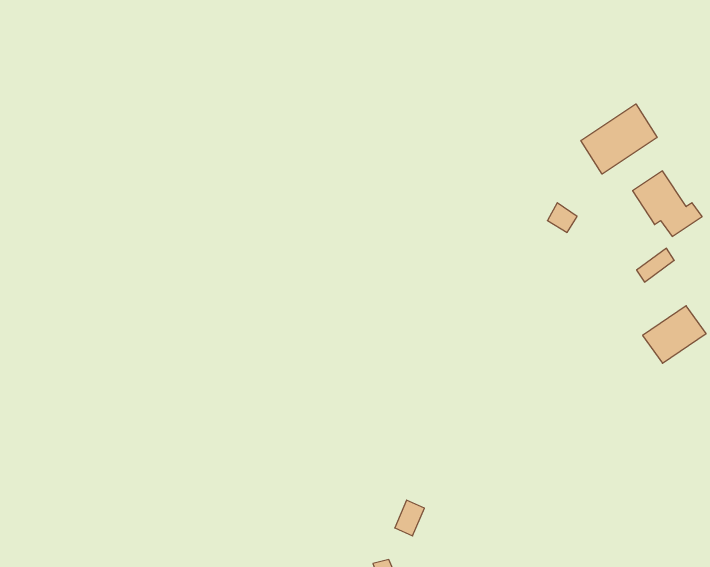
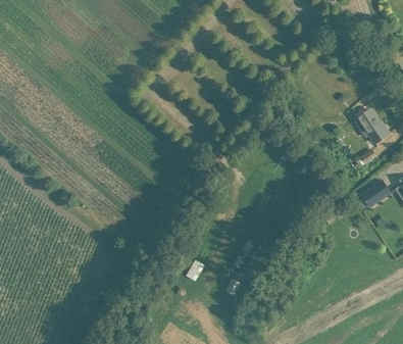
building: [581,104,657,174] -> none

